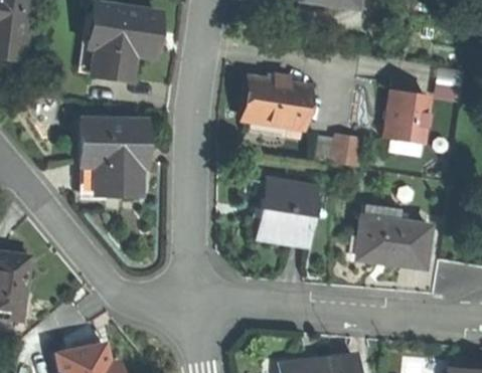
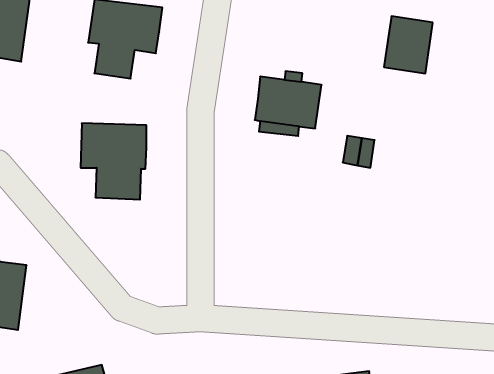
building: [383,87,430,142] -> [384,16,433,73]
building: [256,178,318,246] -> none
building: [358,215,431,267] -> none

